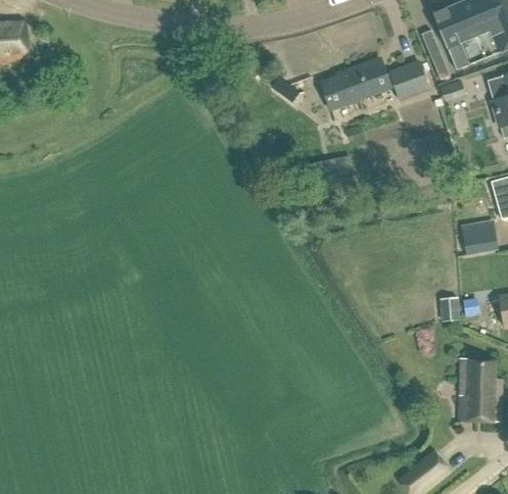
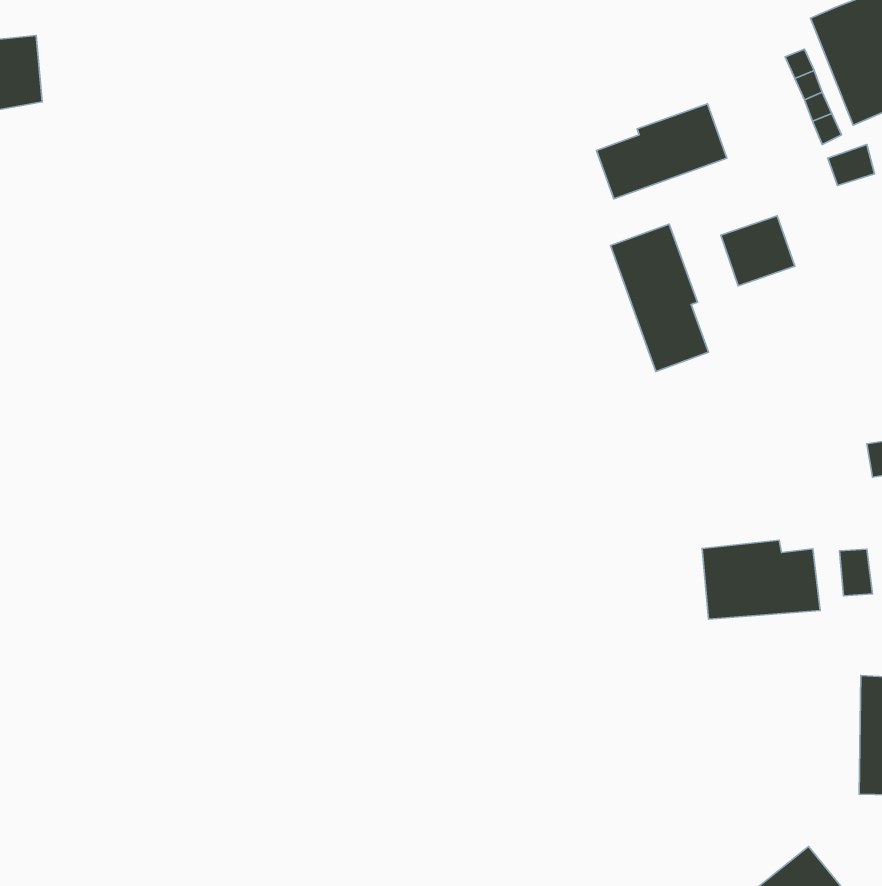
building: [389,61,428,98] -> [721,216,795,286]
building: none -> [610,224,709,371]
building: none -> [702,540,820,619]

